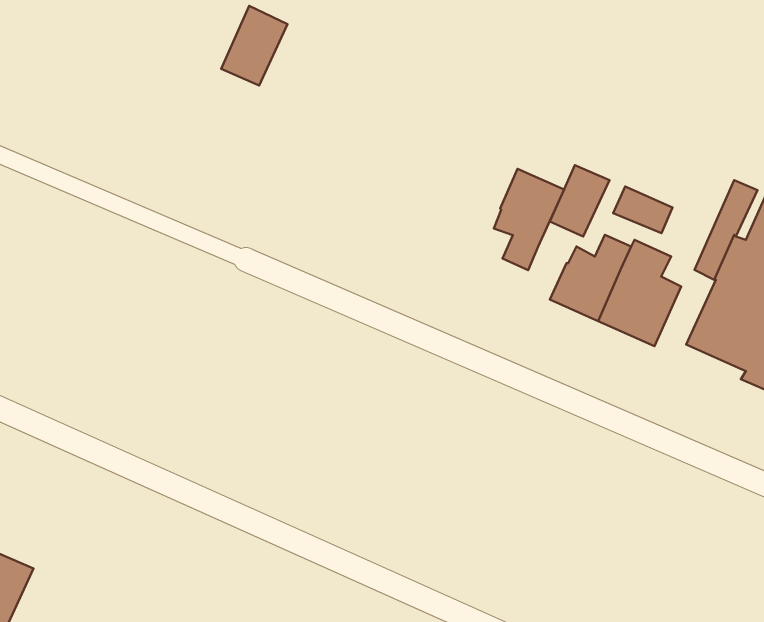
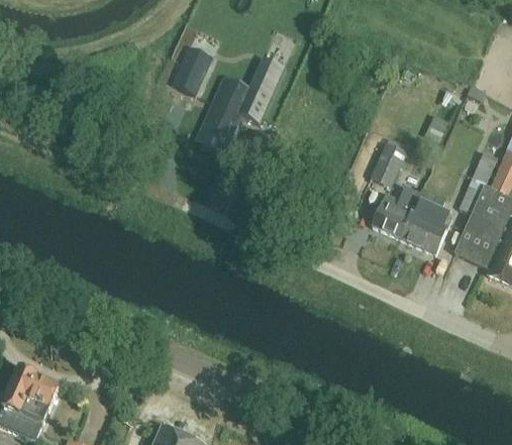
building: none -> [195,57,286,159]
building: [494,169,564,270] -> none
building: [613,187,673,233] -> none

